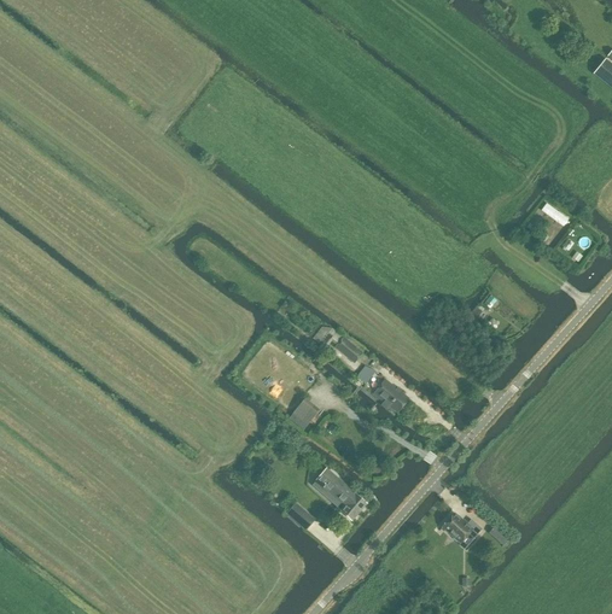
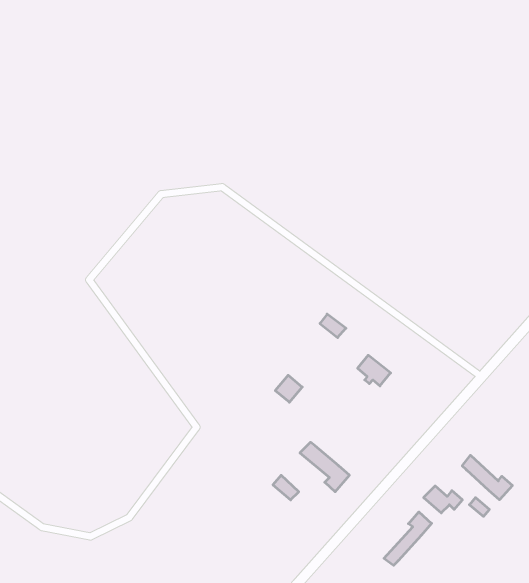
building: none -> [462,455,512,500]
building: none -> [384,512,432,565]

